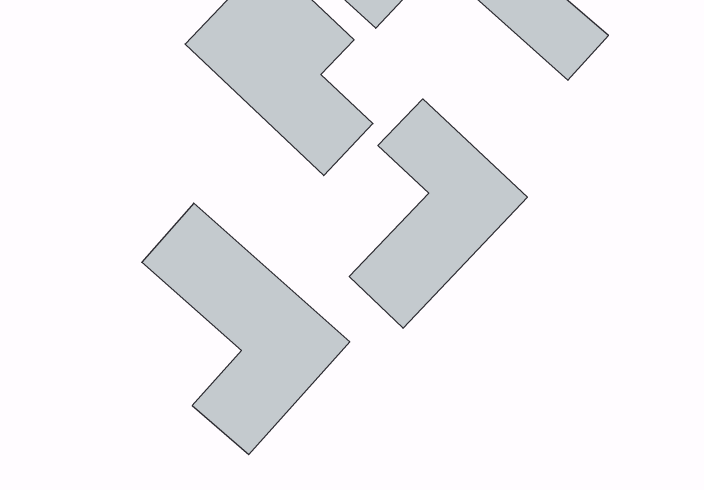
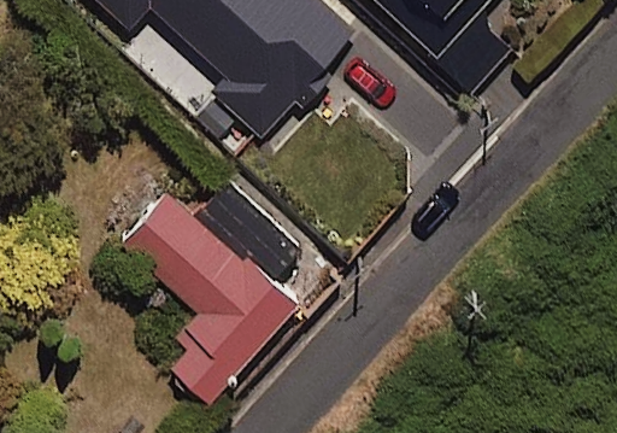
building: [349,99,527,328] -> none

